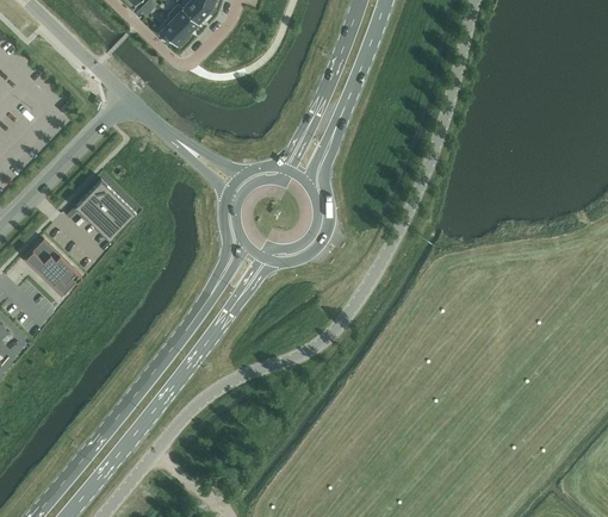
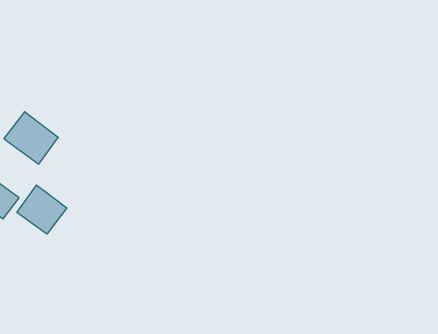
building: none -> [17,185,67,234]

